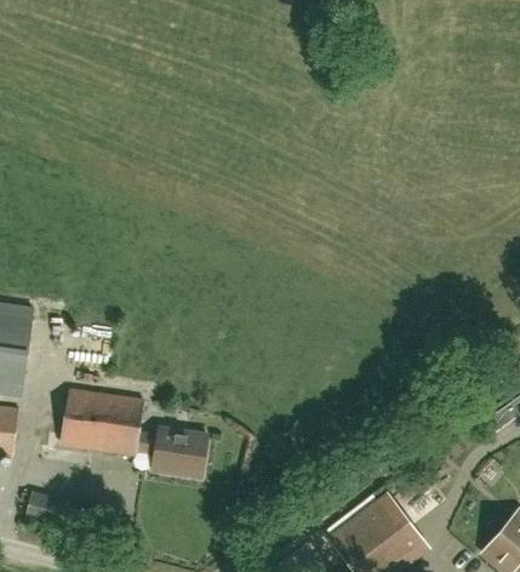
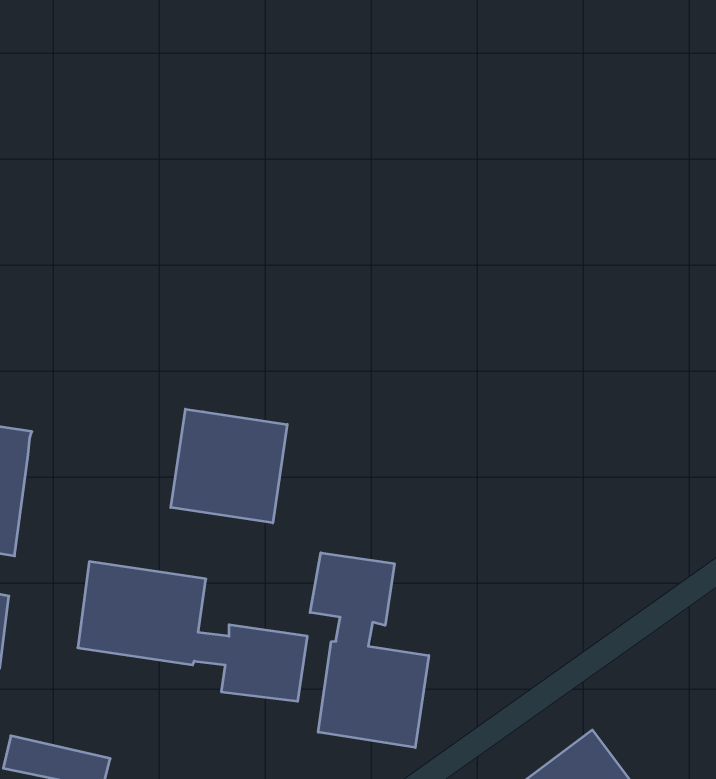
building: none -> [171,409,287,523]
building: none -> [310,553,429,748]

